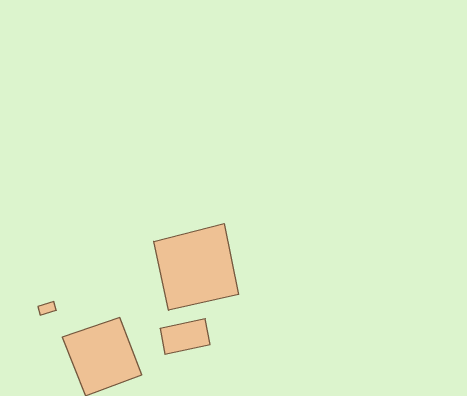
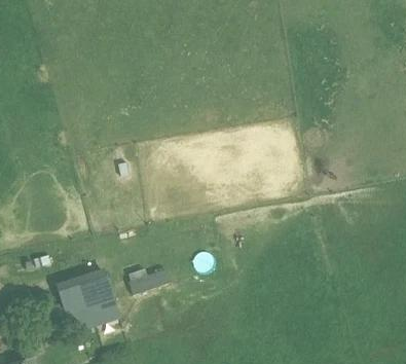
building: [154,224,239,310] -> none

